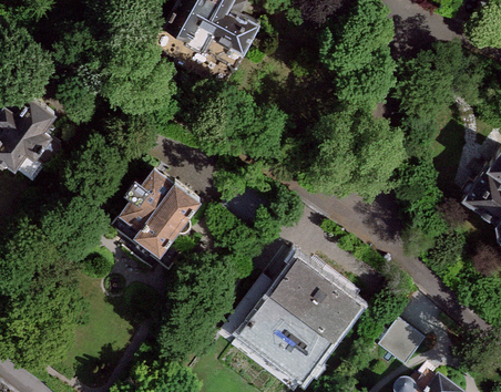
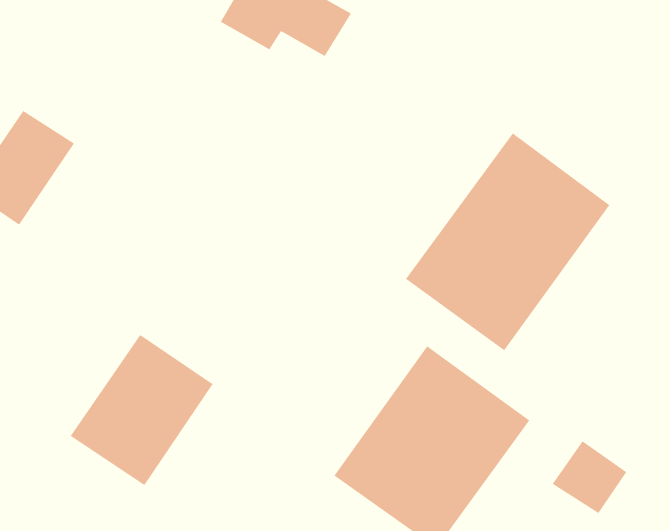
building: none -> [405,132,610,351]
building: [106,163,202,264] -> [70,334,213,486]

